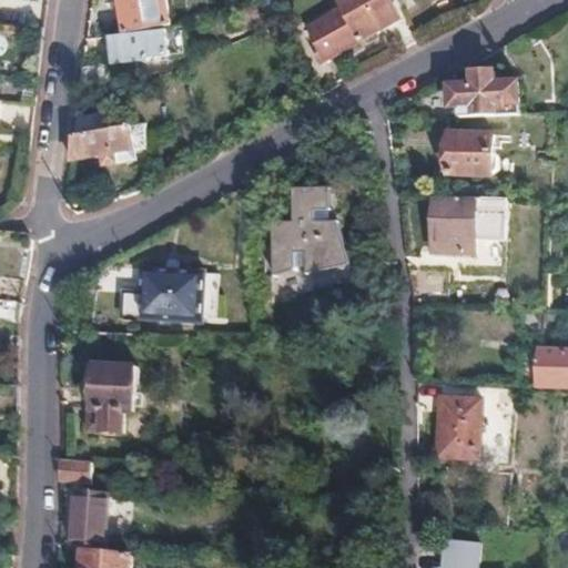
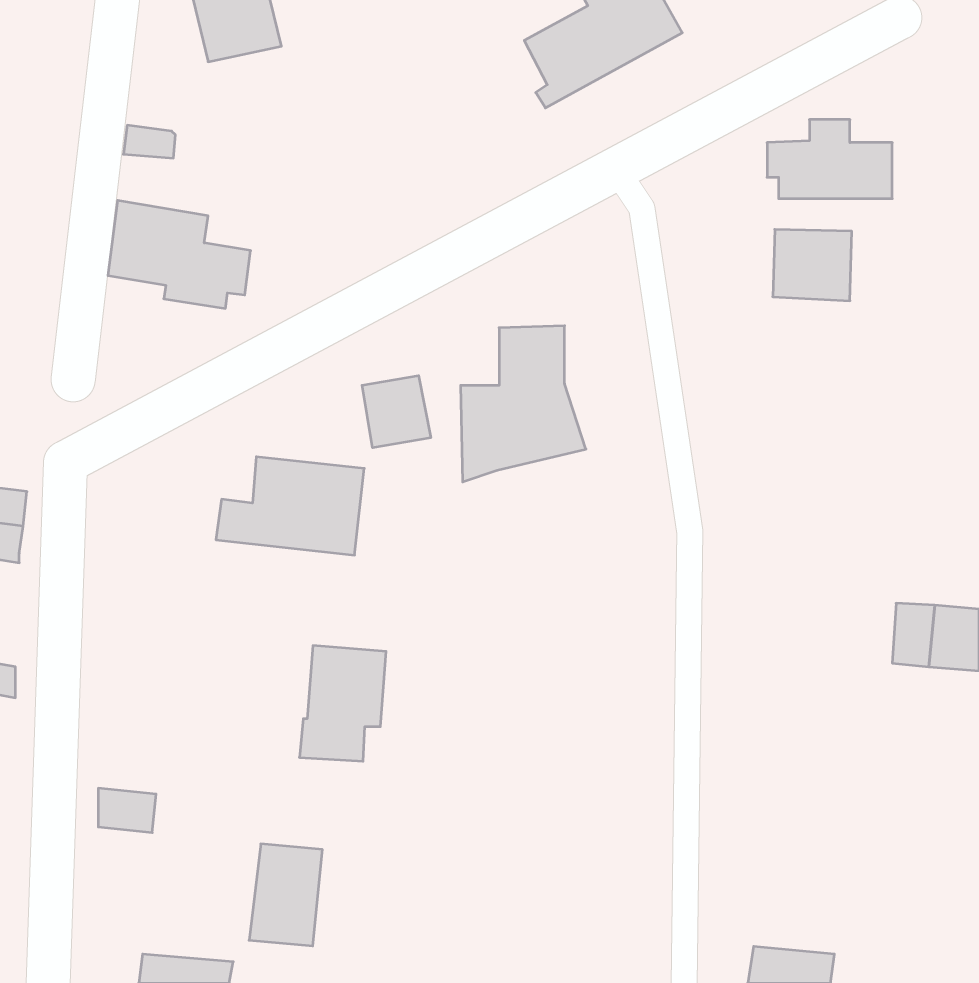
building: [100,36,161,70] -> none
building: [430,200,510,275] -> none
building: none -> [362,376,431,448]
building: [84,359,134,426] -> [299,646,386,761]
building: [436,397,483,455] -> none
building: [69,487,111,546] -> [249,844,322,946]

